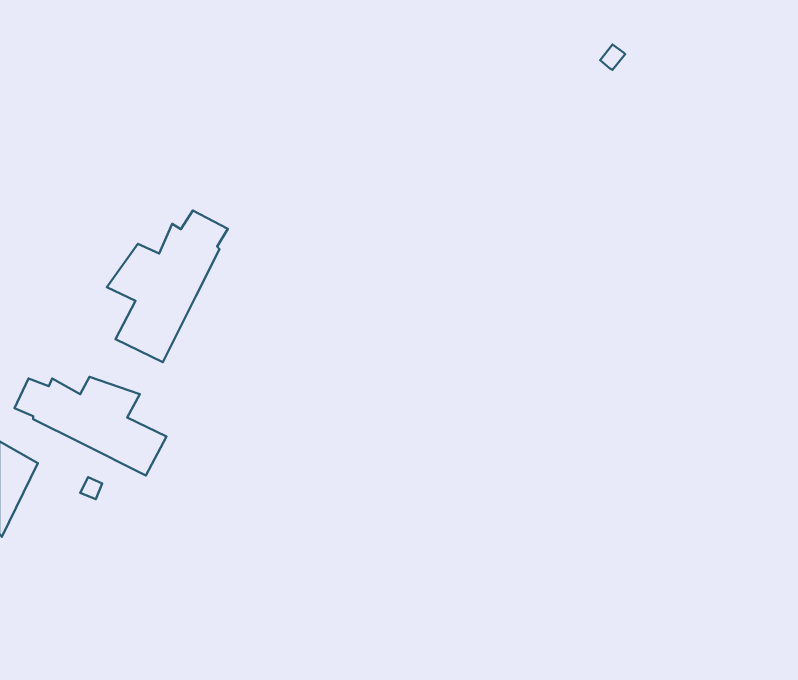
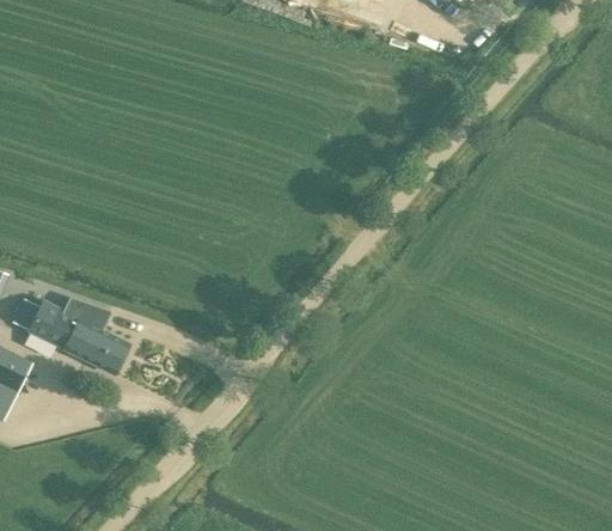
building: [107,211,228,362] -> none

